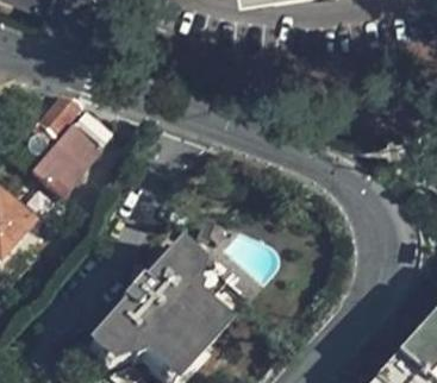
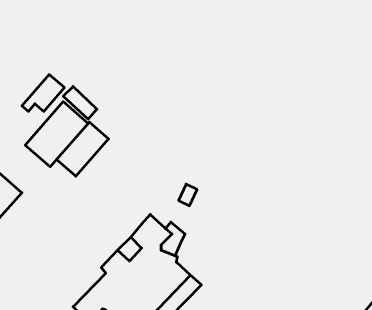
building: none -> [57,122,109,176]

